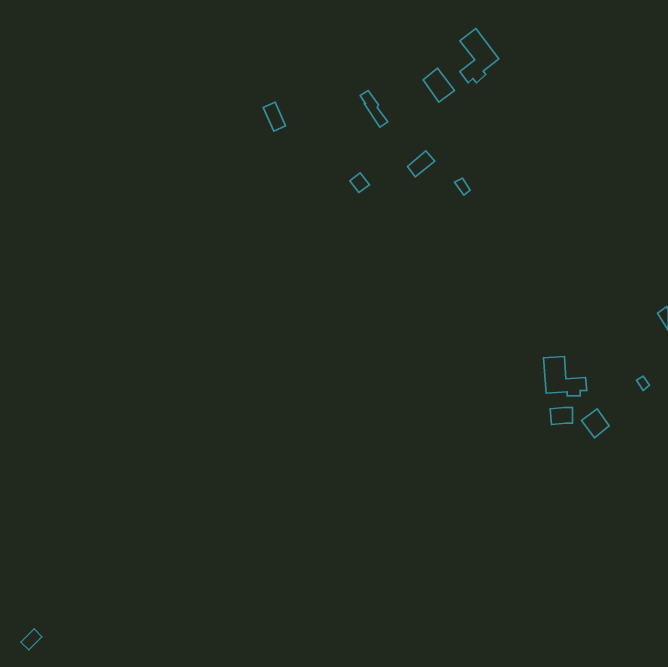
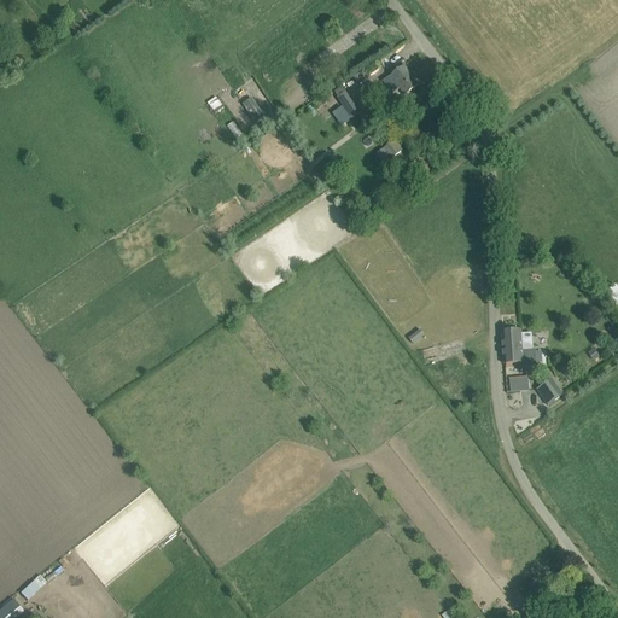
building: [460,29,499,83] -> none

